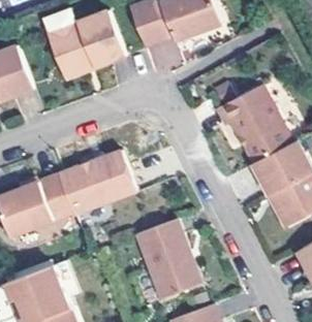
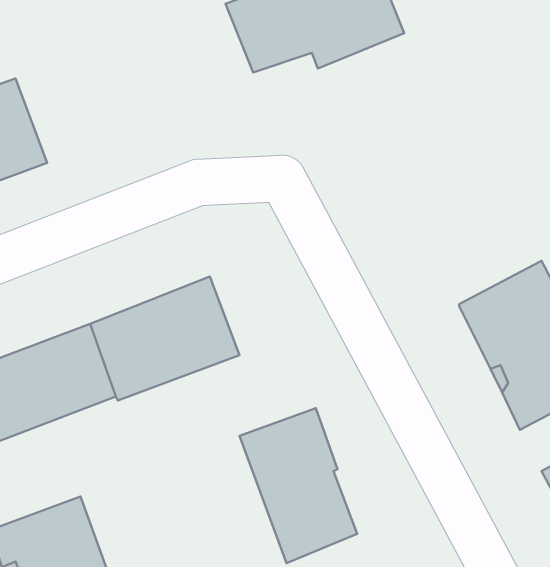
building: [42,8,126,78] -> none
building: [216,85,291,163] -> none

